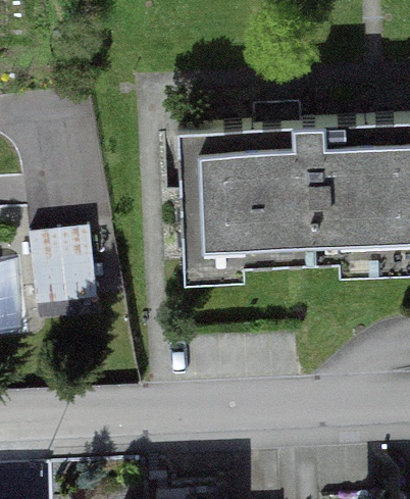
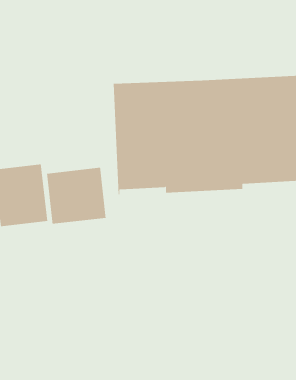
building: none -> [46,167,106,225]

